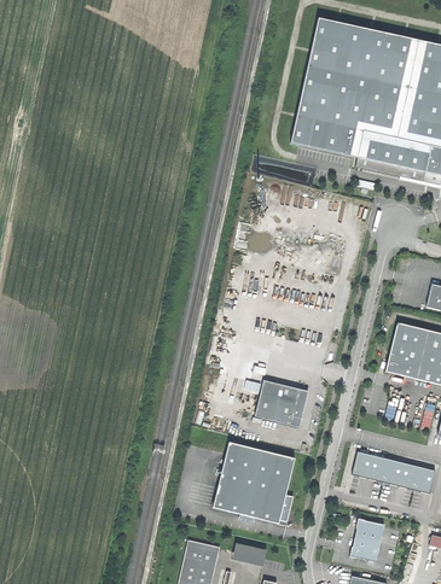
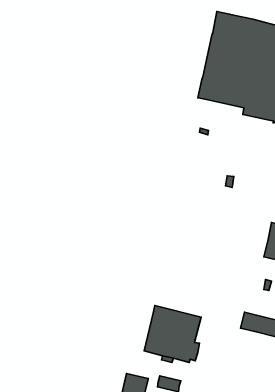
building: [255,380,308,427] -> none
building: [349,518,384,561] -> none

